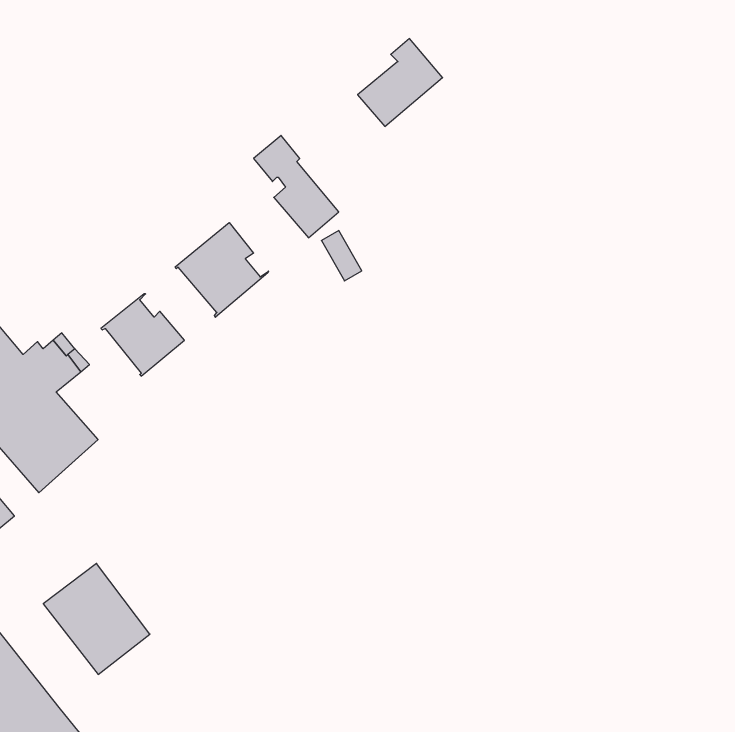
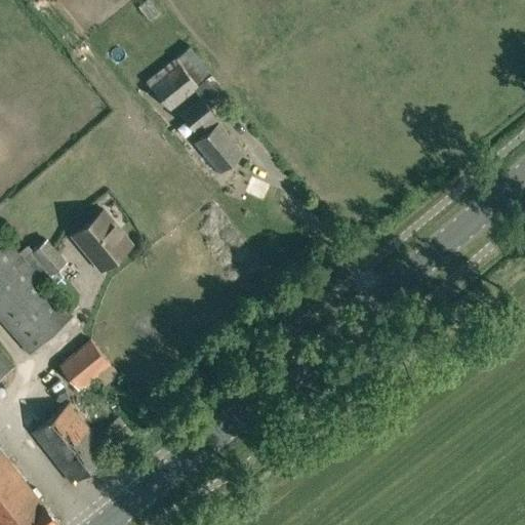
building: [358,39,443,126] -> [150,49,210,112]
building: [175,223,268,317] -> none
building: none -> [57,340,109,391]

